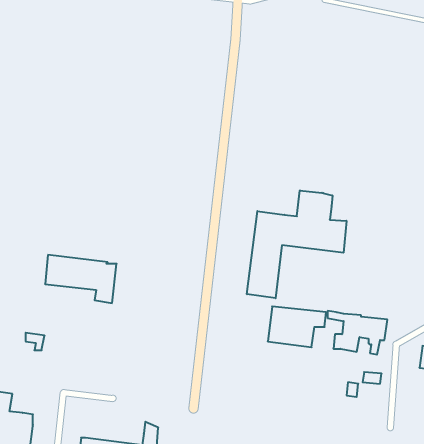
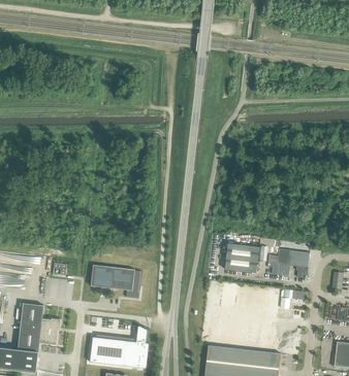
building: [247,190,346,298] -> none
building: [45,255,117,303] -> [90,264,140,298]

